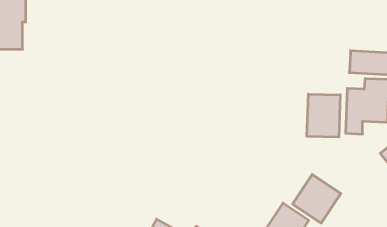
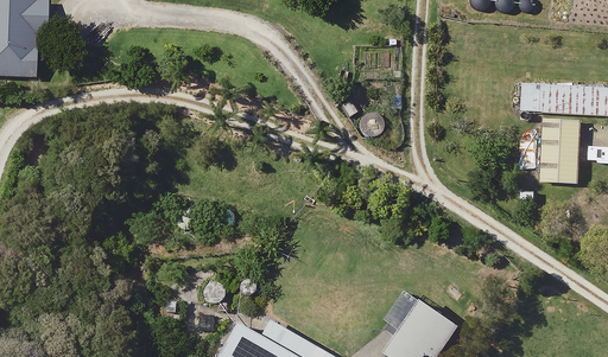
building: [307,94,340,137] -> none
building: [293,174,341,223] -> none

